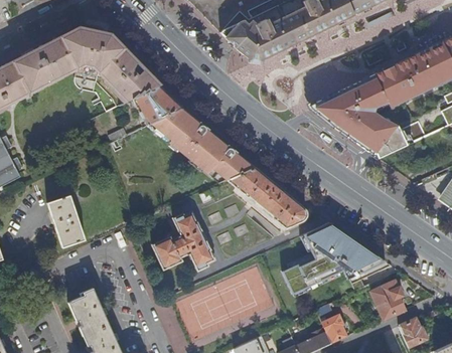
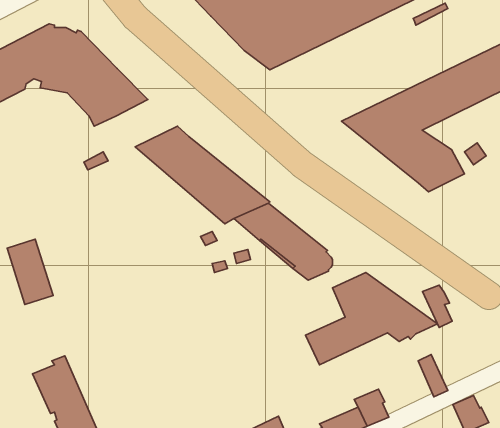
building: [134,86,182,125] -> none
building: [153,212,213,271] -> none
building: [382,282,405,315] -> [423,285,452,327]

